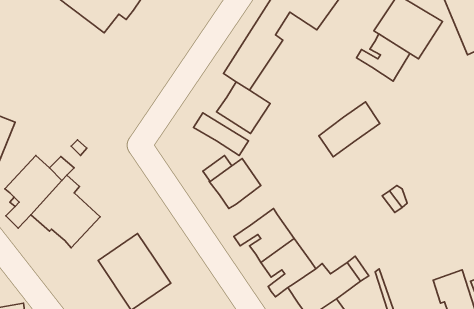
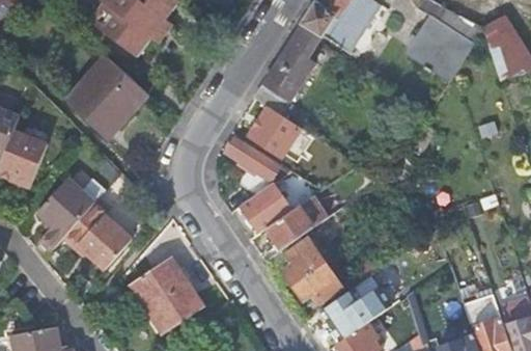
building: none -> [66,55,145,137]
building: [356,34,410,81] -> none
building: [319,102,380,157] -> [268,193,329,248]

